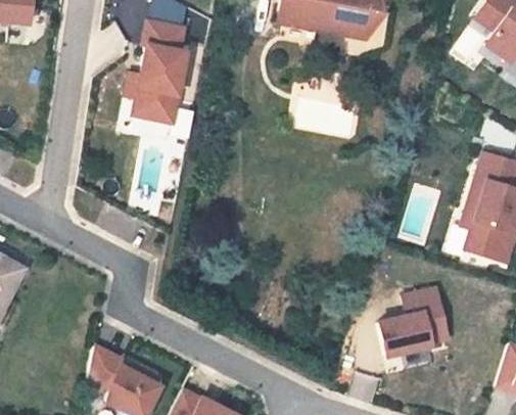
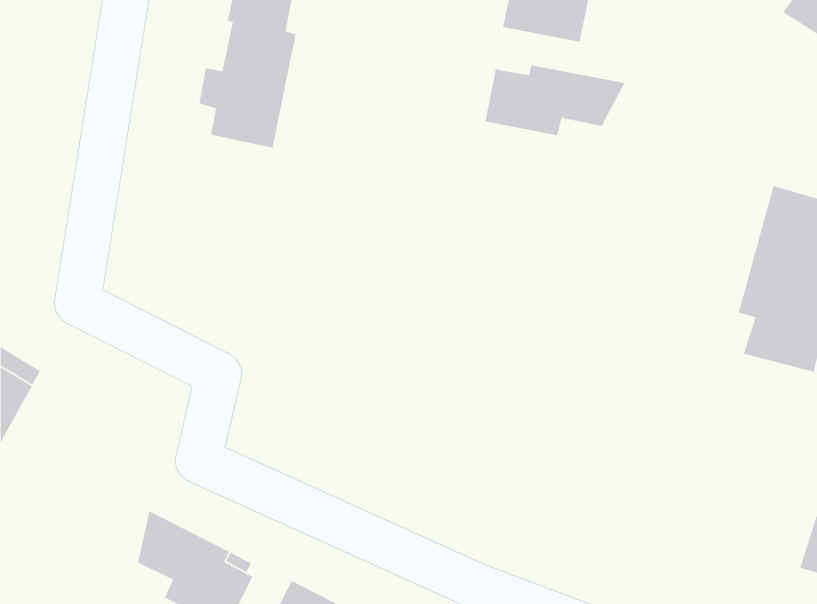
building: none -> [485,64,625,136]
building: [377,285,450,356] -> none

